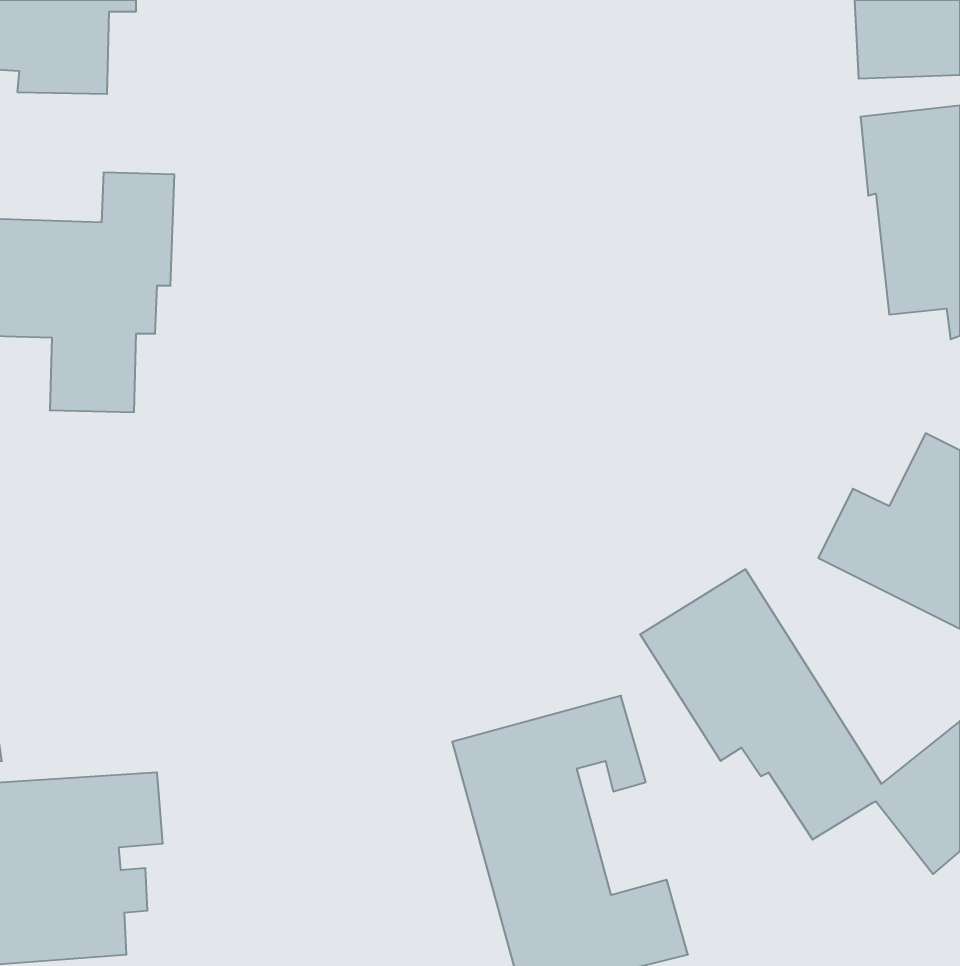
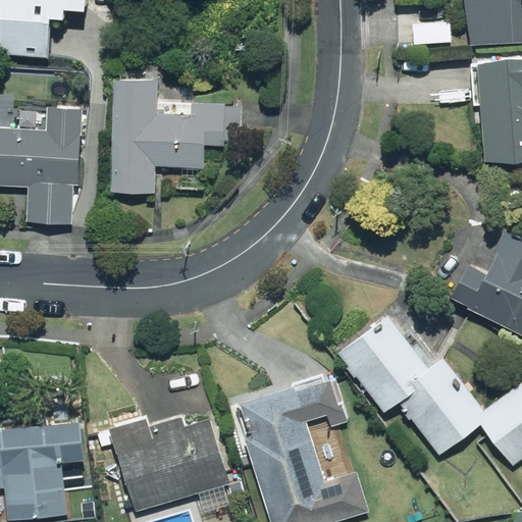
building: none -> [110,70,231,197]
building: none -> [112,411,231,510]

